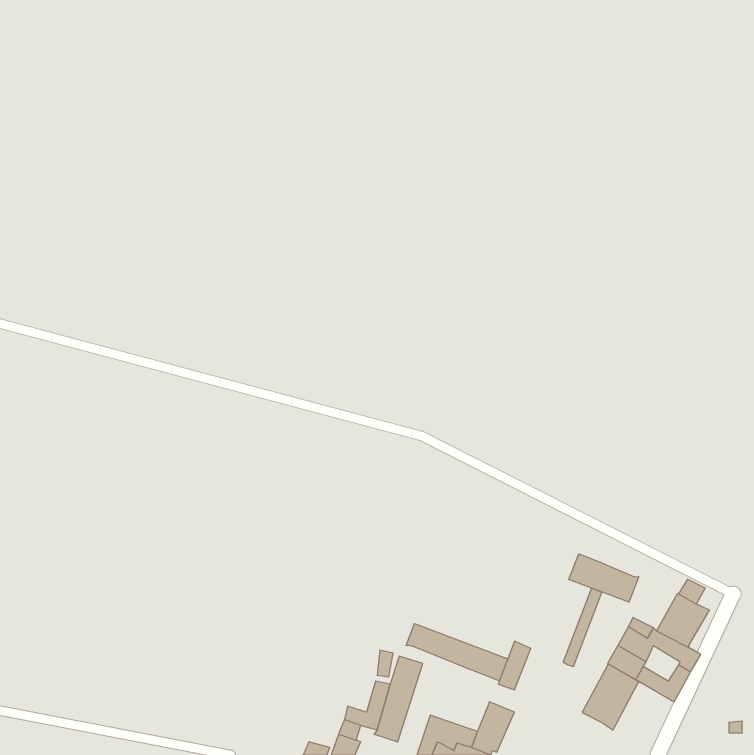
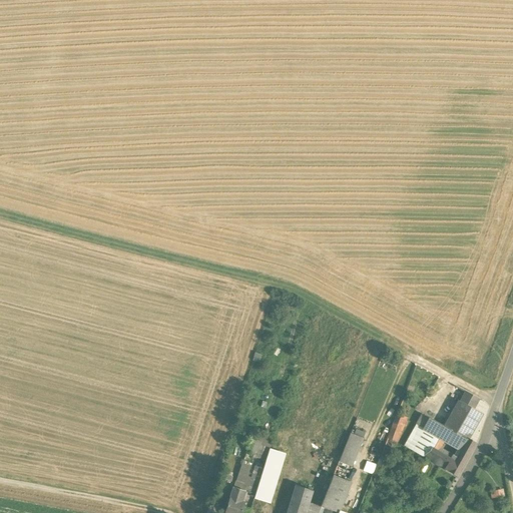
building: [569,554,639,602] -> none
building: [406,624,508,681] -> none
building: [582,664,641,730] -> none

